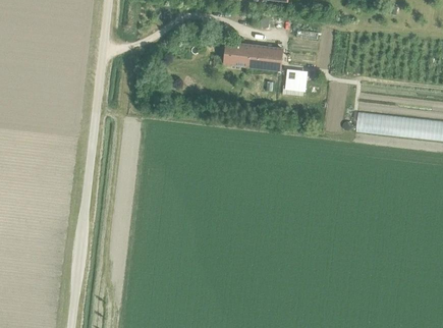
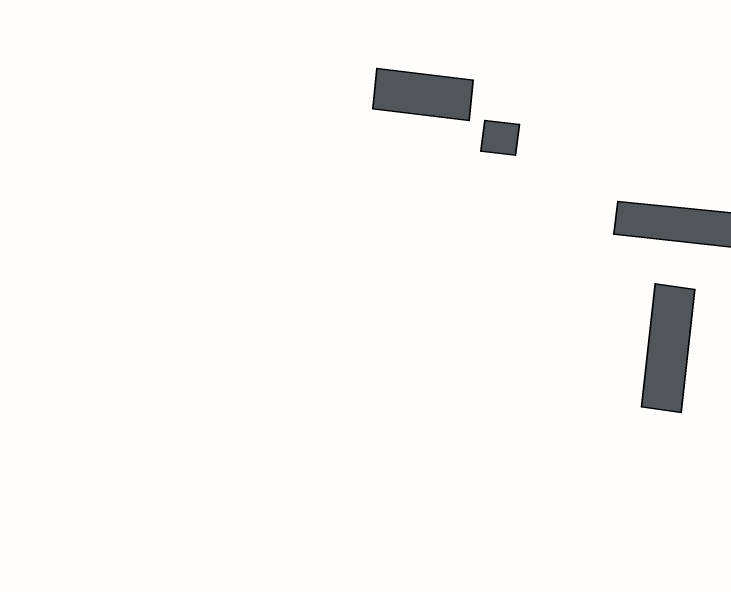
building: none -> [641,284,695,412]

